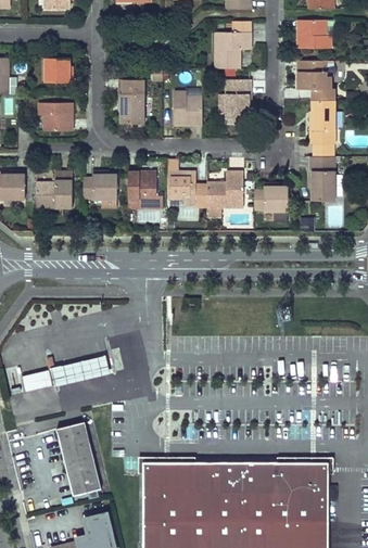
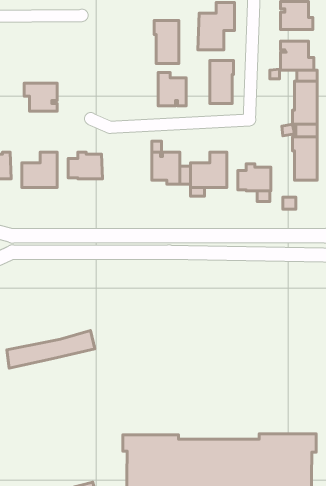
building: [45,58,72,82] -> none
building: [118,80,143,124] -> [154,20,179,63]
building: [128,173,163,208] -> none
building: [58,419,101,492] -> none

